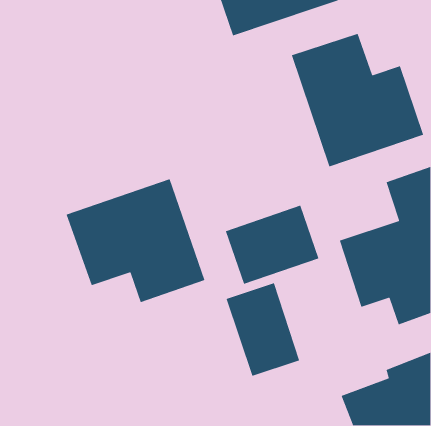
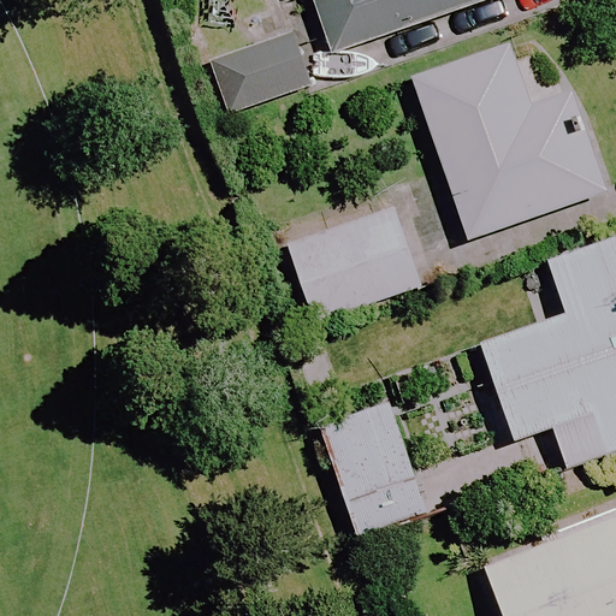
building: none -> [212,30,312,112]
building: [65,178,206,303] -> none
building: [225,205,319,285] -> [289,206,424,320]

